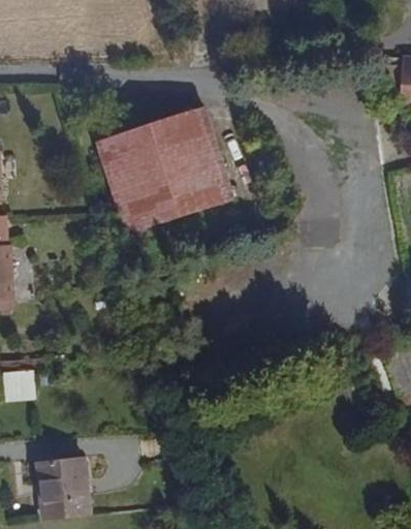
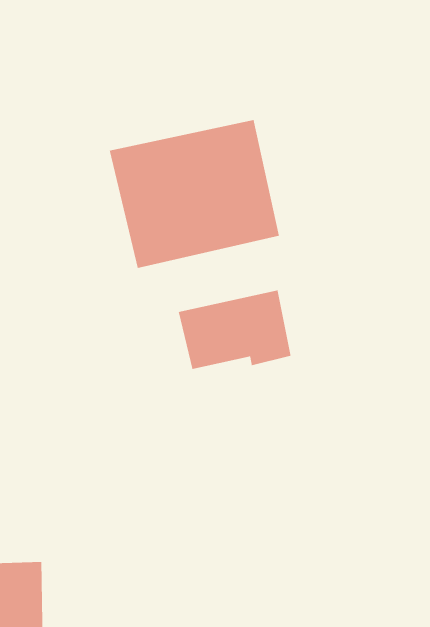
building: none -> [178,290,291,370]

